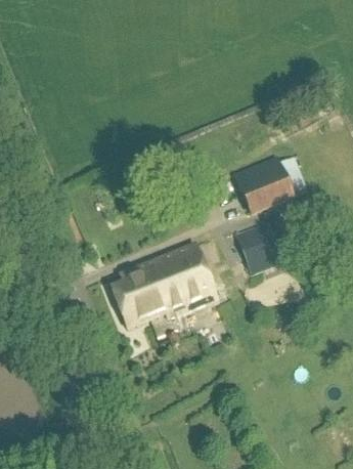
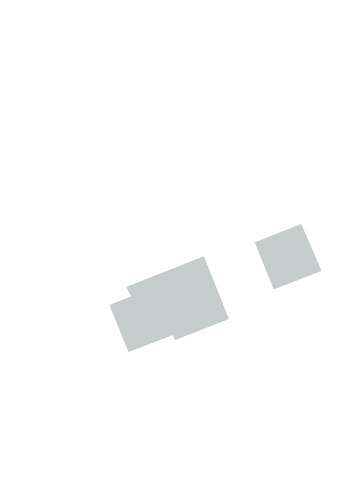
building: [235,166,305,217] -> none

